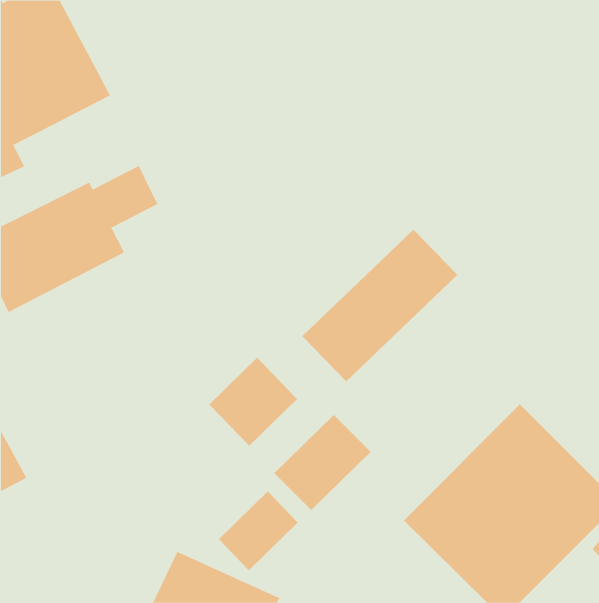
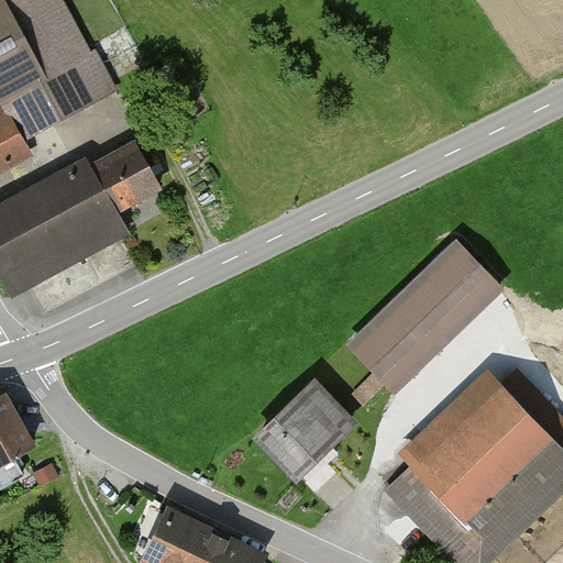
building: [301,229,458,382] -> [352,247,498,390]
building: [209,357,298,447] -> none
building: [218,491,298,571] -> none

